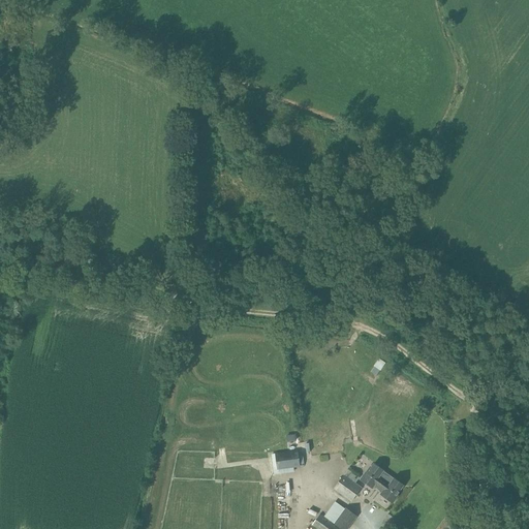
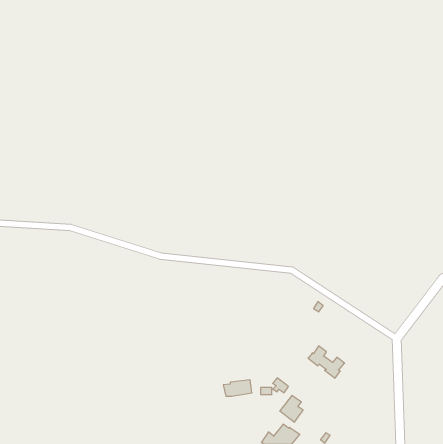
building: [361,465,404,503] -> [308,346,345,378]

